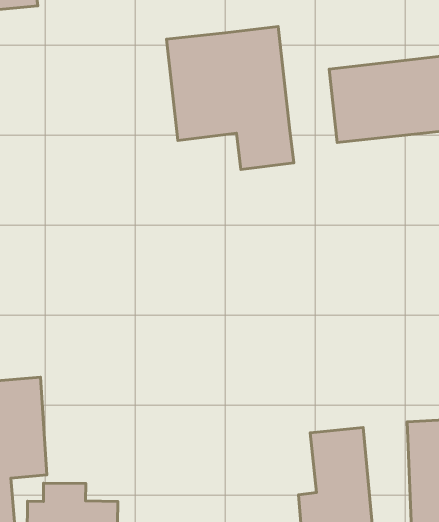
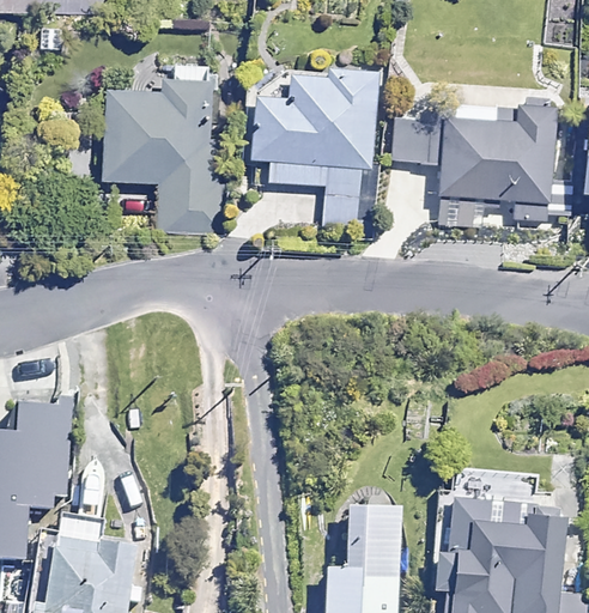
building: none -> [102,81,219,237]

